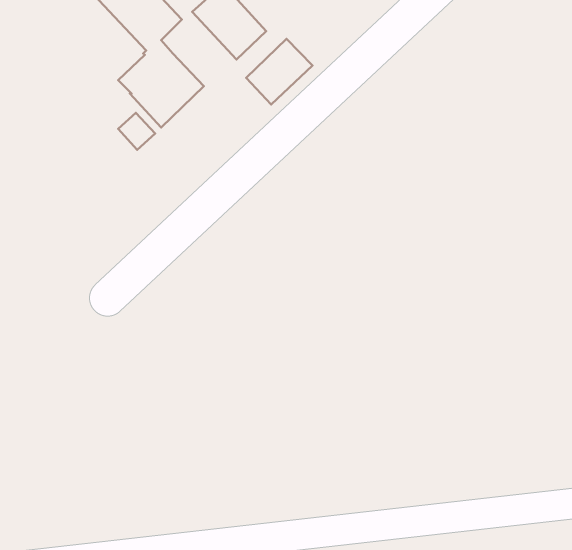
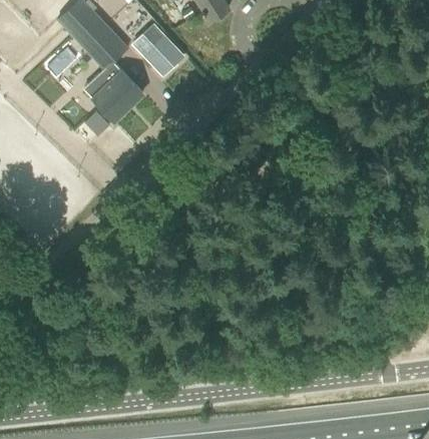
building: [246,39,313,105] -> none

